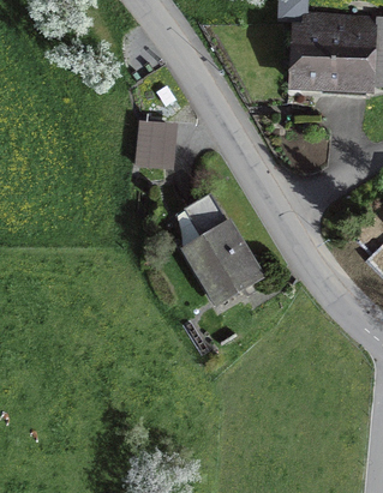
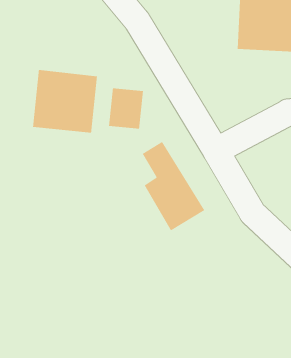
building: none -> [33,69,97,133]

